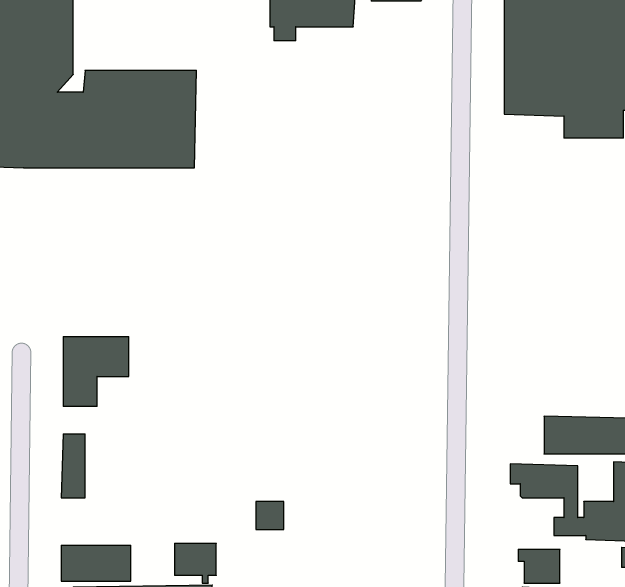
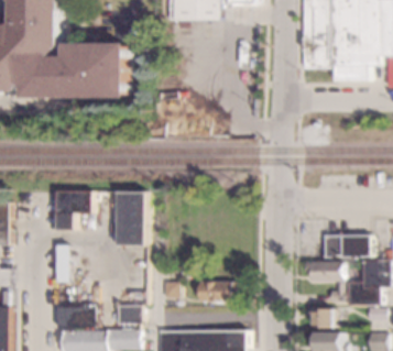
building: none -> [118,190,148,243]
building: none -> [200,281,239,300]

